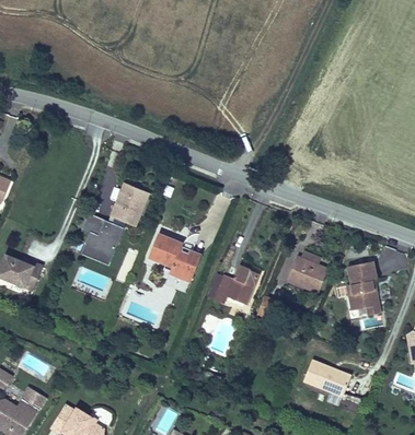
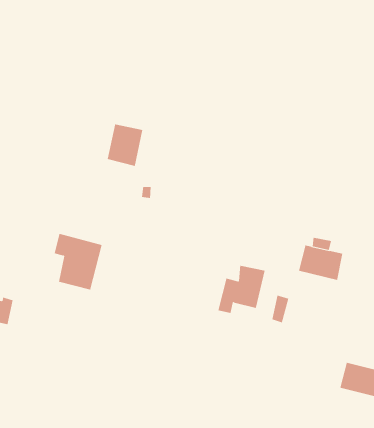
building: [114,187,148,225] -> [107,124,143,167]
building: [147,236,197,280] -> none

